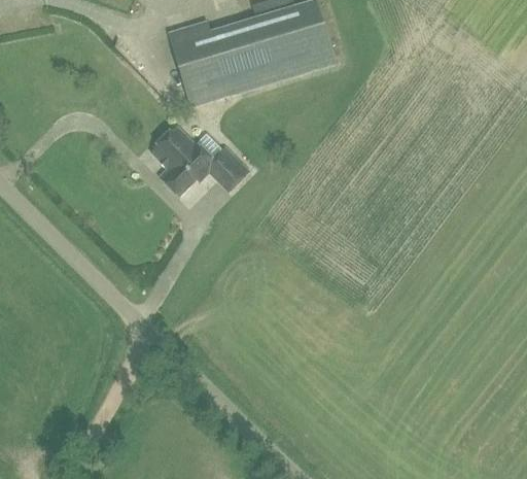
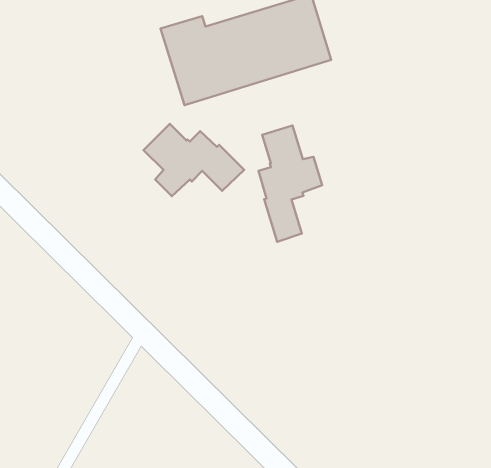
building: none -> [259,126,322,242]

